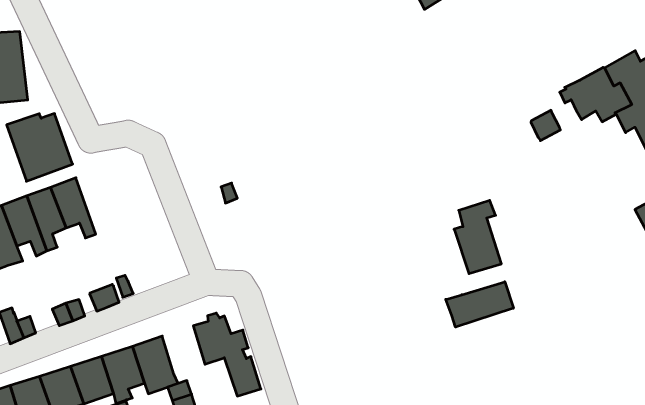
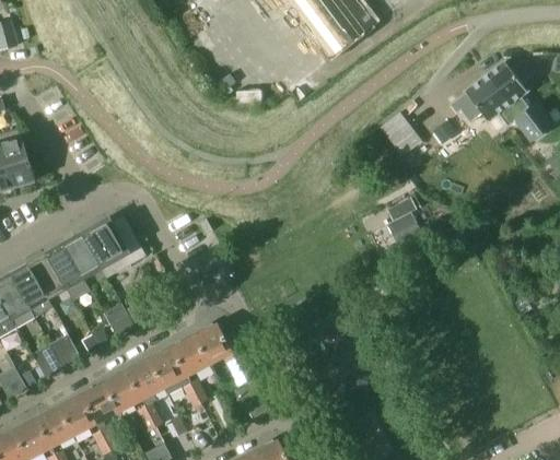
building: none -> [381,111,422,155]
building: [7,114,73,181] -> [83,219,140,275]
building: [446,282,513,327] -> none
building: none -> [172,334,209,375]

